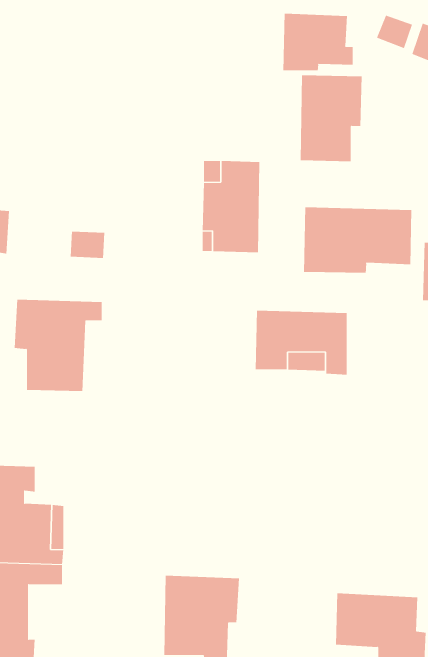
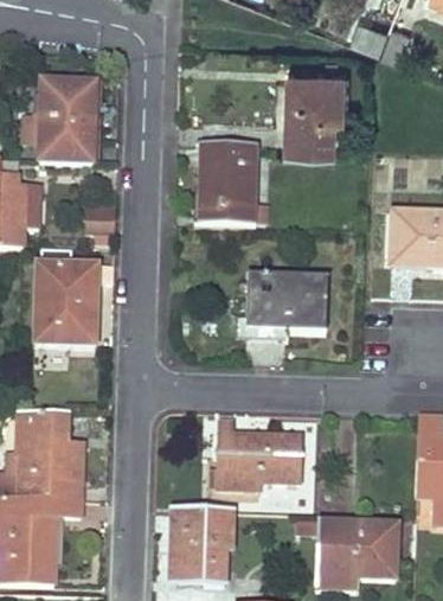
building: [283,13,353,71] -> none
building: none -> [38,83,96,160]
building: [303,207,412,274] -> none
building: none -> [218,417,300,487]

